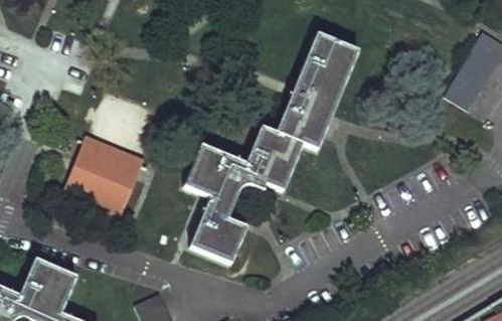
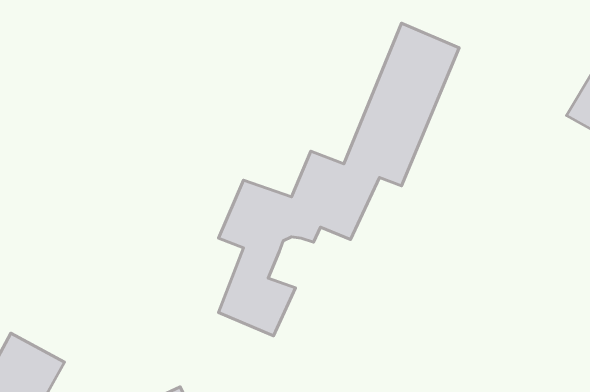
building: [61,135,142,207] -> none

